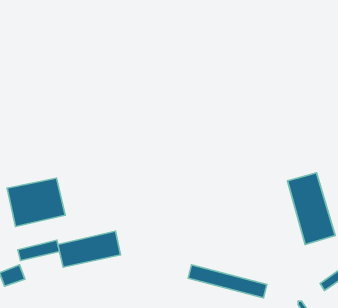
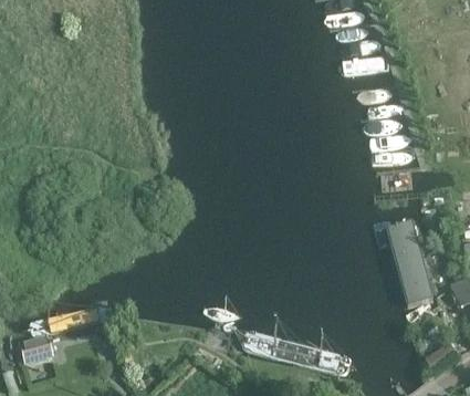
building: [7,178,65,226] -> none
building: [58,231,121,267] -> none

